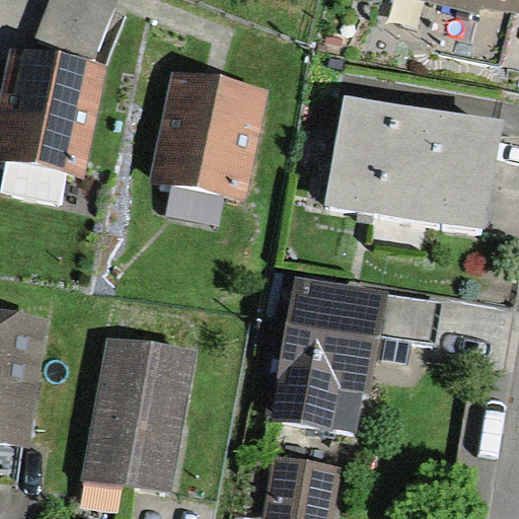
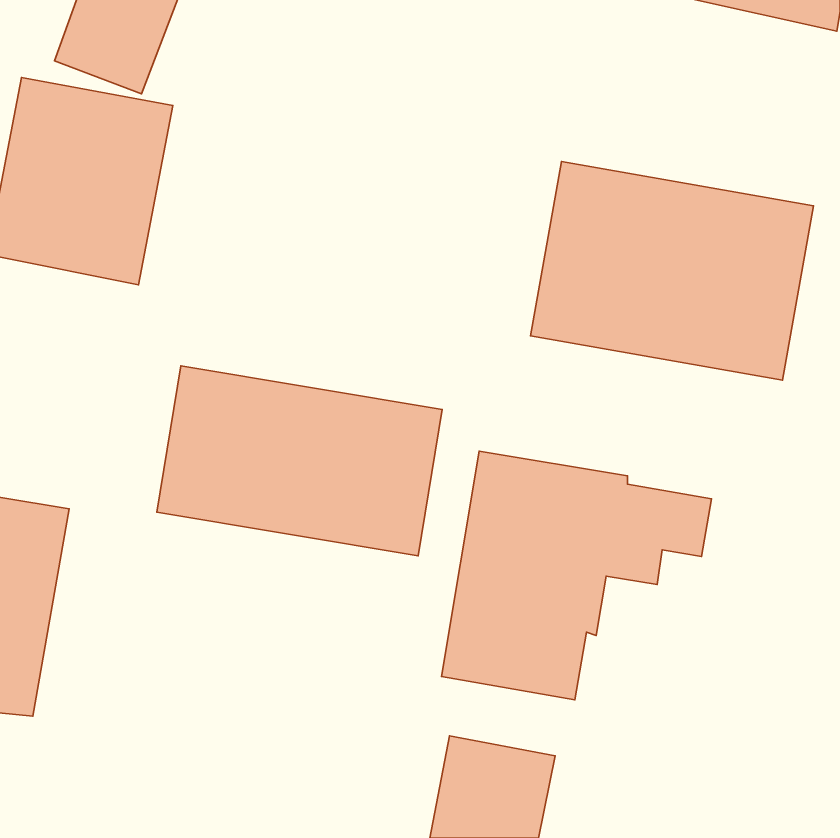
building: [157,71,261,192] -> none
building: none -> [157,366,442,556]
building: [84,332,195,488] -> none

